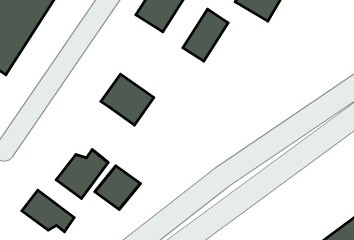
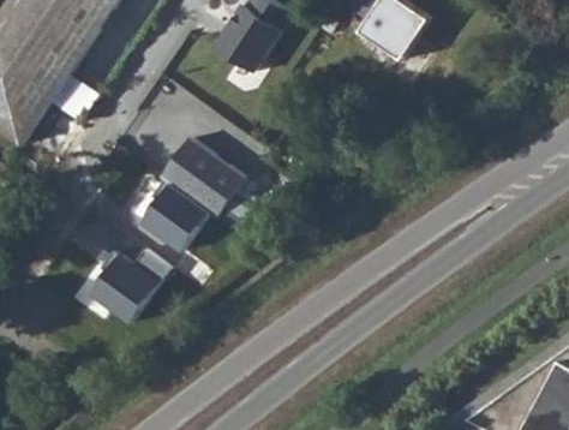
building: [183,9,228,61] -> none
building: [95,166,140,210] -> [143,191,210,256]
building: [22,190,74,232] -> none

